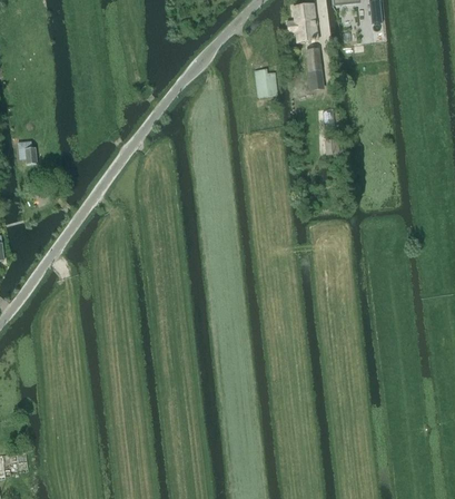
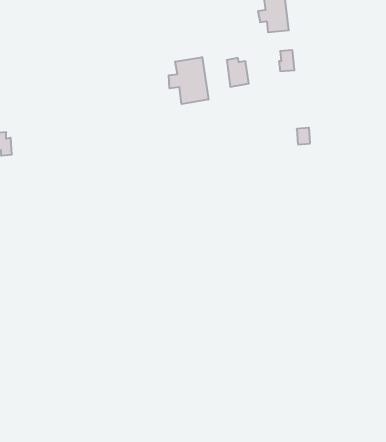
building: none -> [169,57,208,104]

